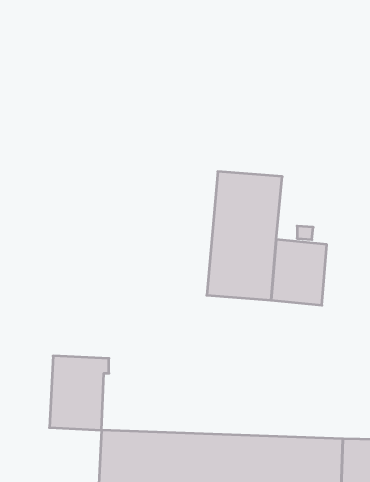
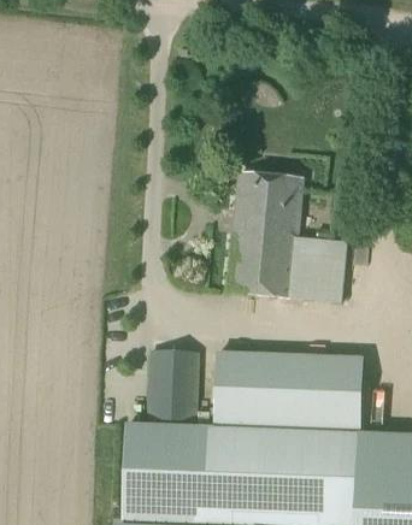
building: [49,356,109,430] -> [147,350,205,423]
building: none -> [216,354,363,430]

